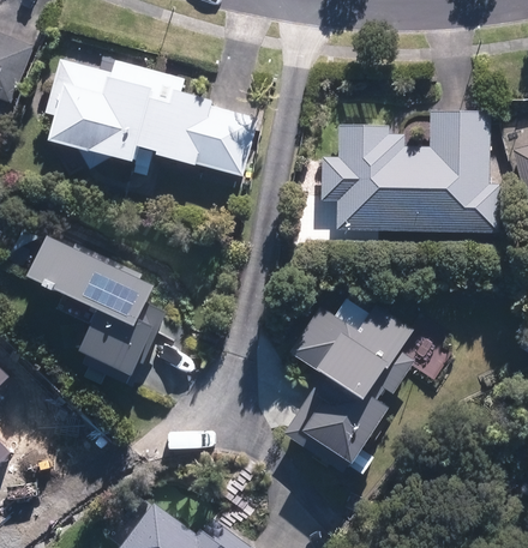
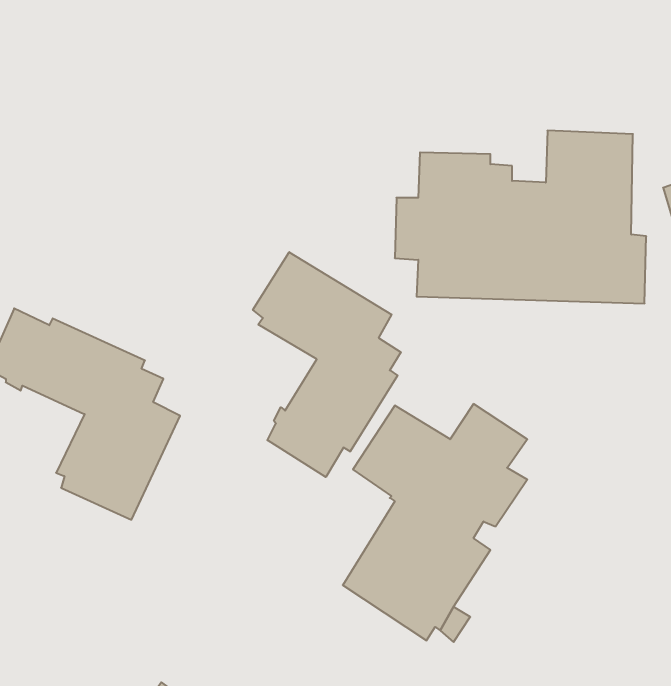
building: [43,60,257,176] -> none
building: none -> [253,252,401,477]

